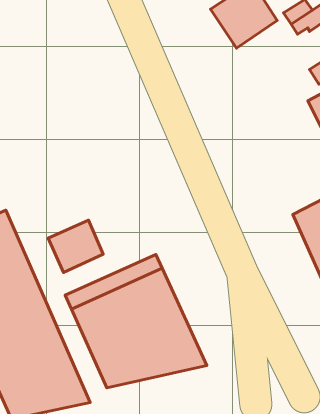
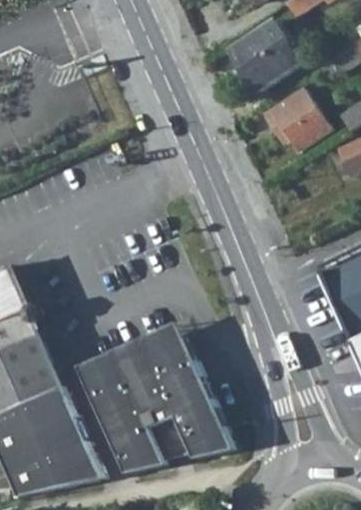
building: none -> [263,89,330,152]
building: [48,220,103,273] -> none

